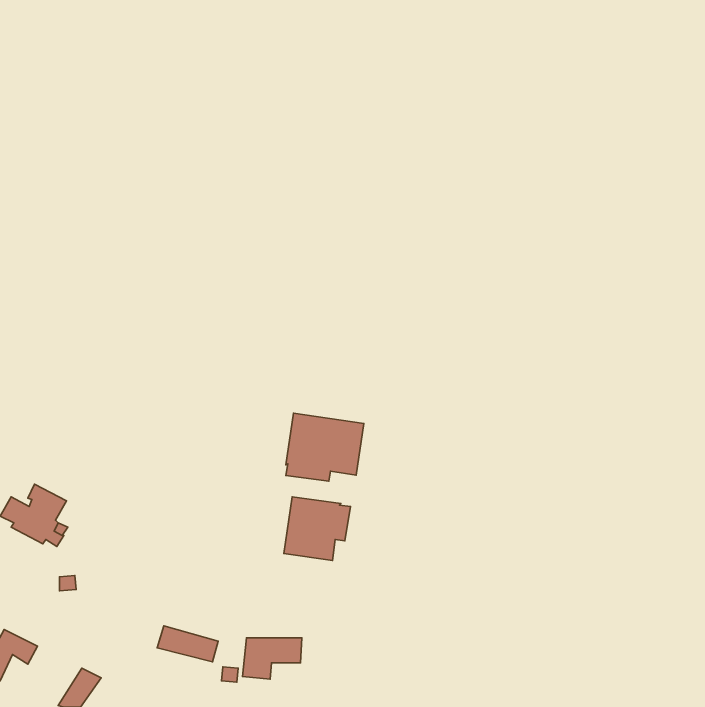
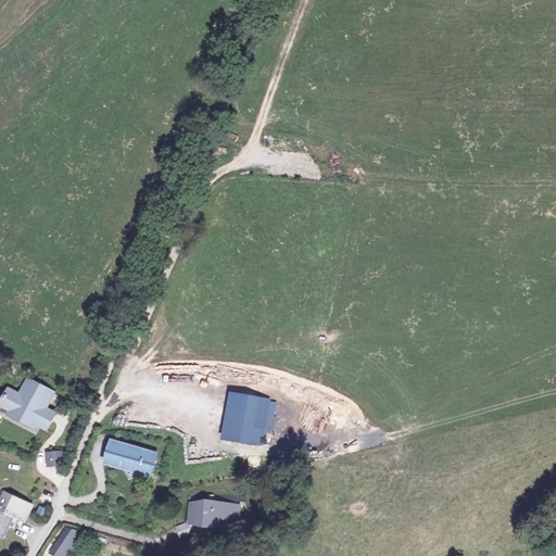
building: [286,413,364,481] -> none
building: [157,626,218,662] -> [105,443,153,471]

